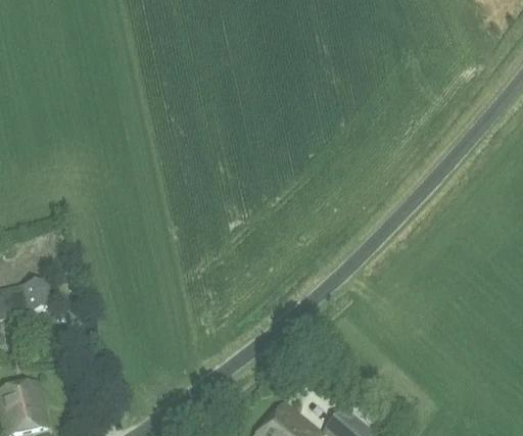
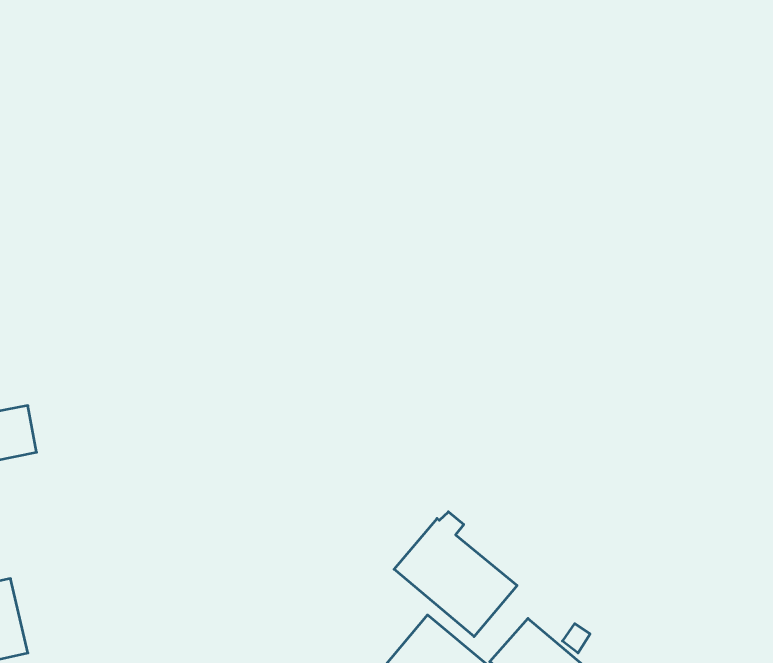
building: none -> [394,512,517,637]

